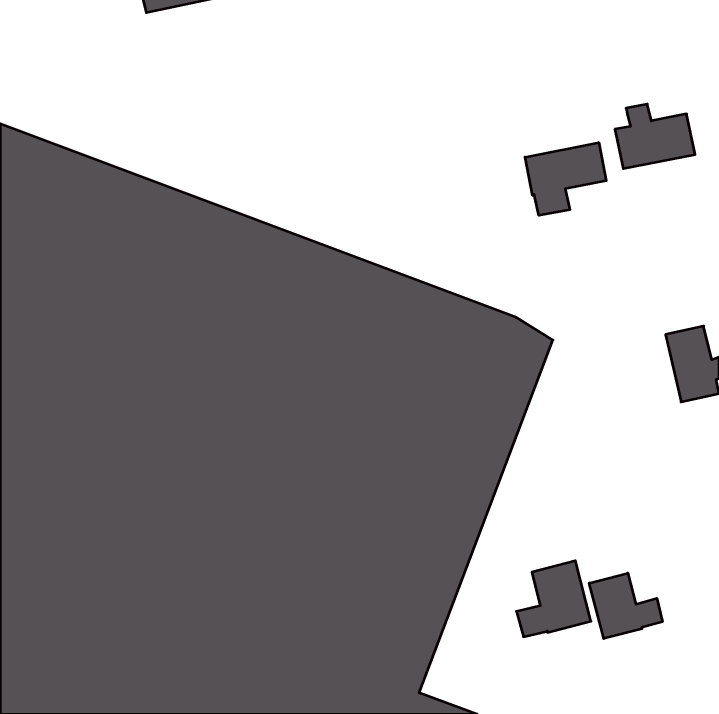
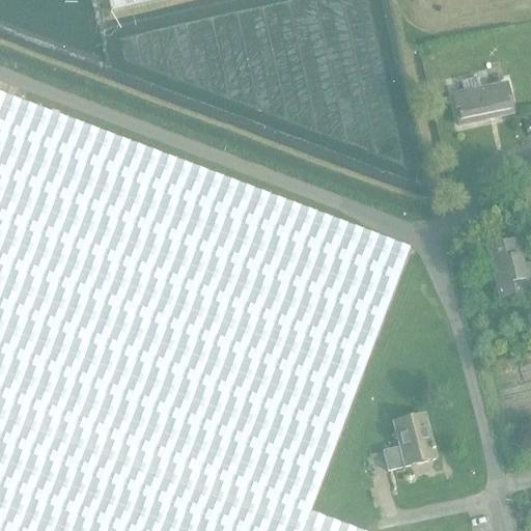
building: [525,143,606,215] -> none
building: [589,573,662,639] -> none

